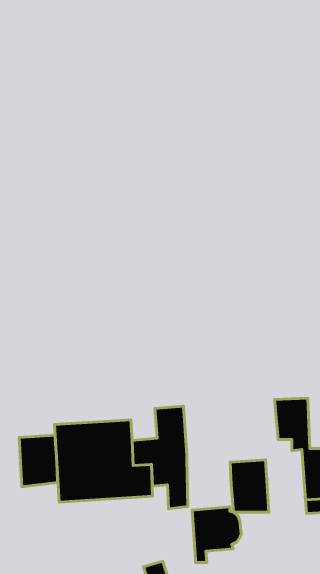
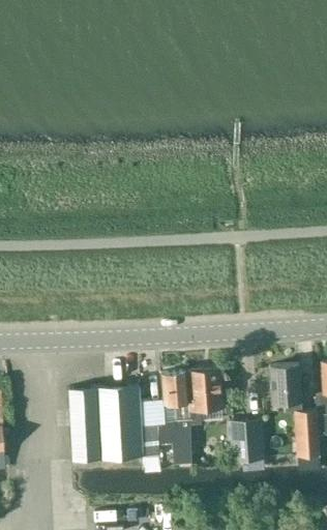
building: [19,435,57,487] -> none
building: [192,507,241,563] -> [186,369,231,419]

